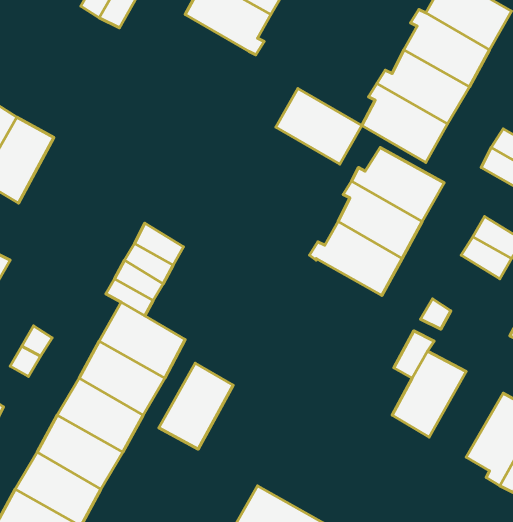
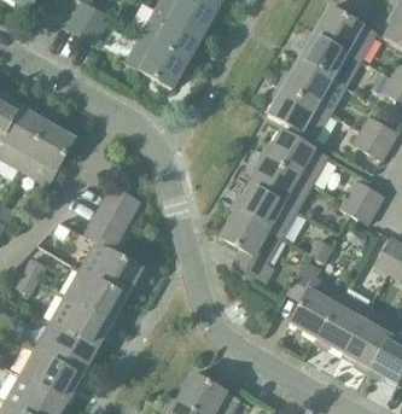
building: [276,89,362,164] -> [126,35,187,89]
building: none -> [22,123,75,185]
building: none -> [220,210,282,264]
building: [159,363,233,449] -> none
building: none -> [314,291,369,352]

